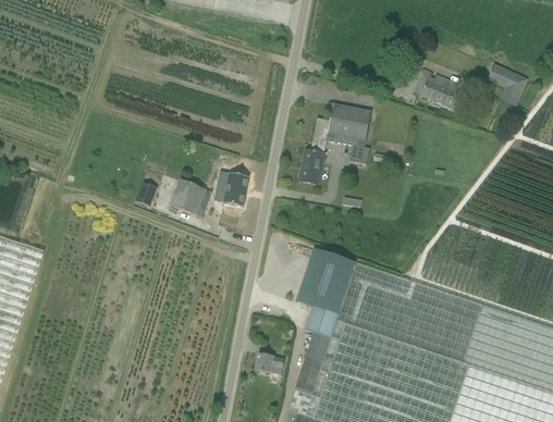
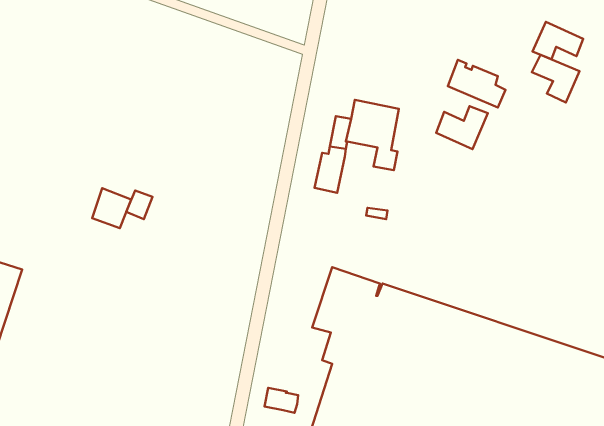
building: none -> [533,22,583,59]
building: none -> [436,106,488,149]
building: [217,173,248,207] -> none
building: [170,178,204,213] -> [92,188,131,228]

